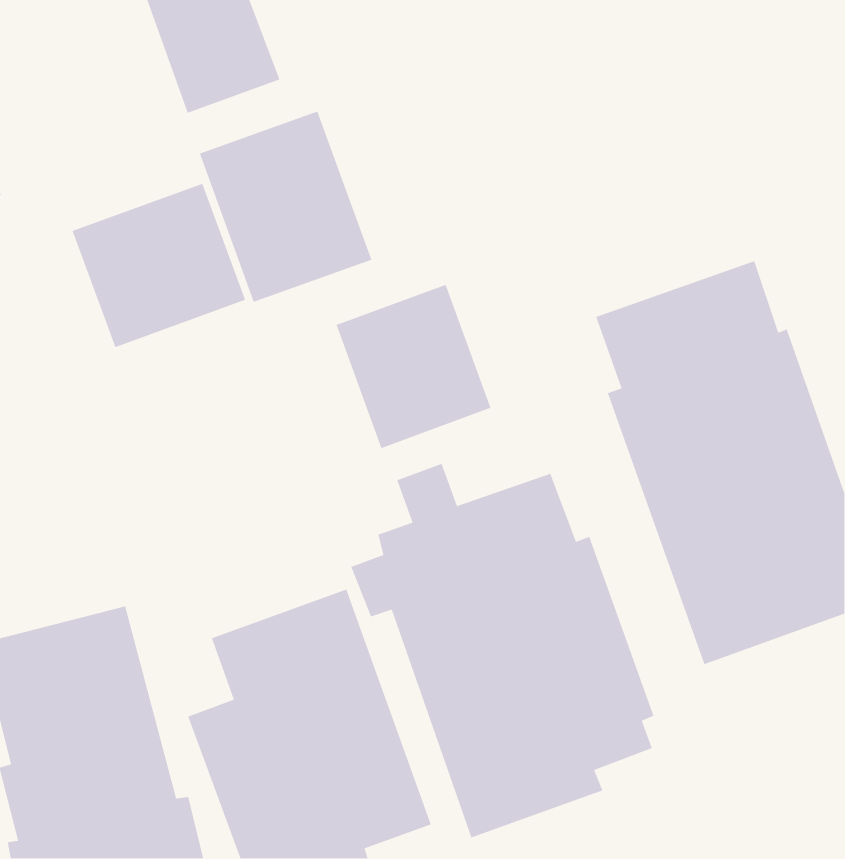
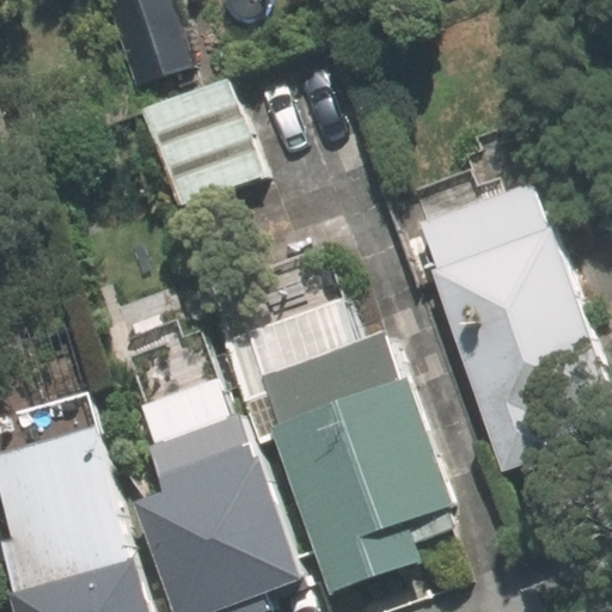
building: [71,183,246,348] -> none
building: [336,284,491,449] -> none

